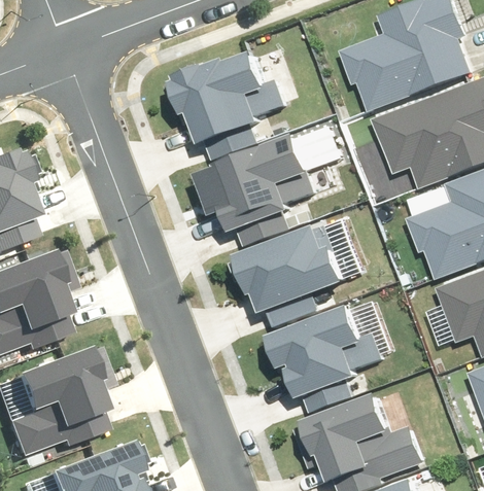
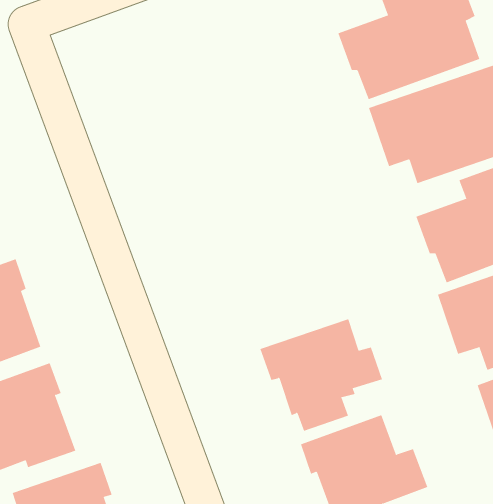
building: [173,48,288,159] -> none
building: [200,135,317,243] -> none
building: [237,224,349,323] -> none

